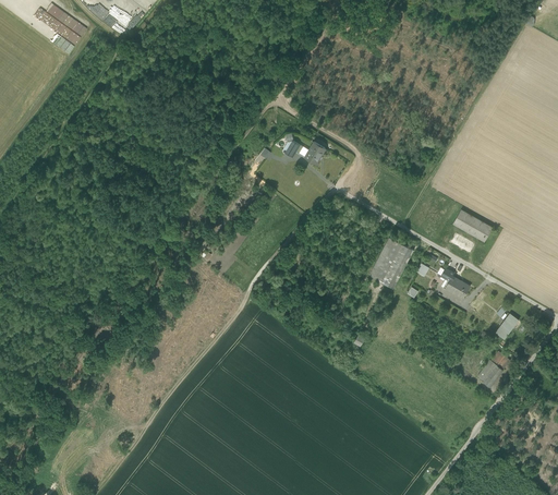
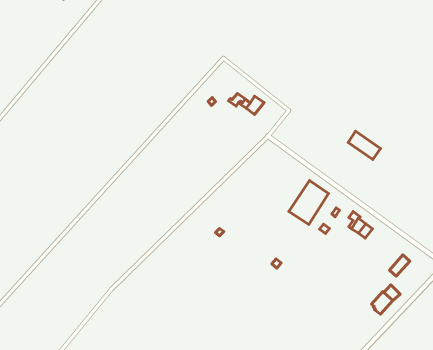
building: [452,209,492,241] -> [348,131,381,160]

